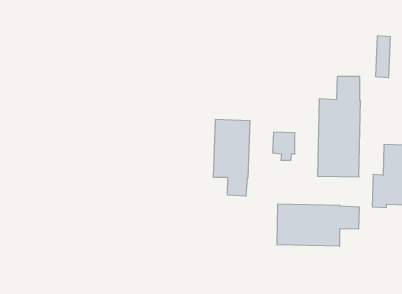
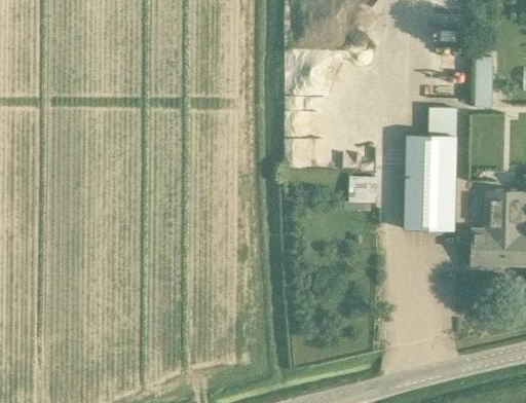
building: [213,119,250,196] -> none
building: [277,204,359,246] -> none

